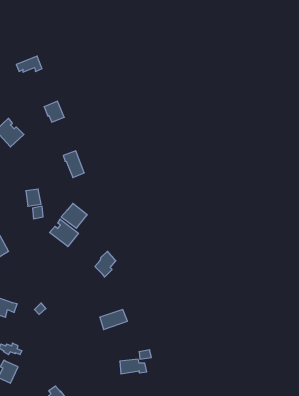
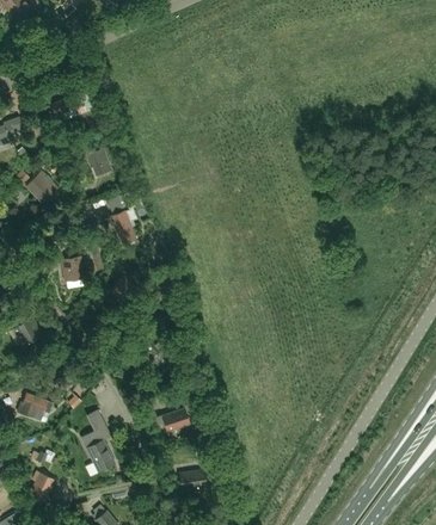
building: [50,219,78,247] -> none
building: none -> [81,410,115,472]

